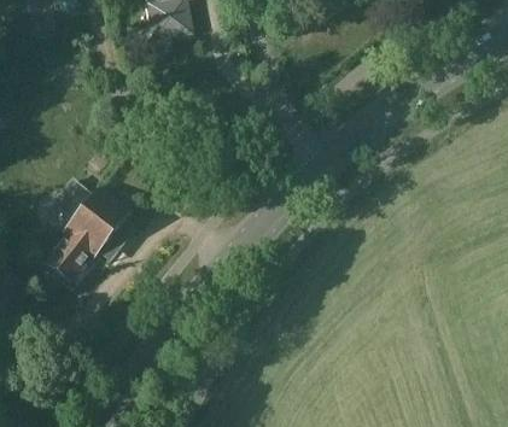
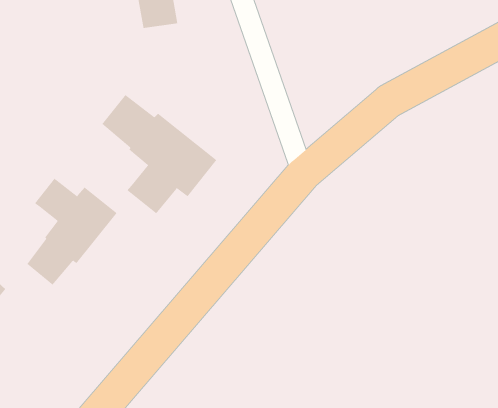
building: none -> [102,94,217,214]

